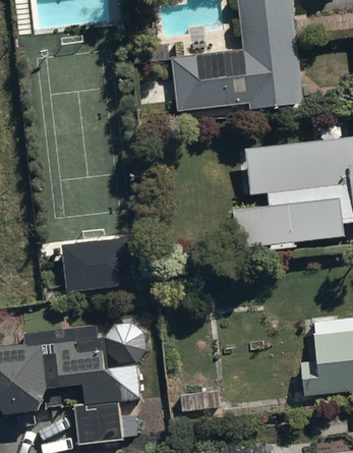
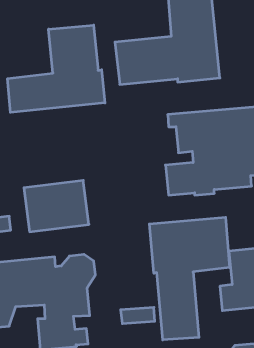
building: none -> [8,25,105,112]
building: none -> [149,217,230,340]

